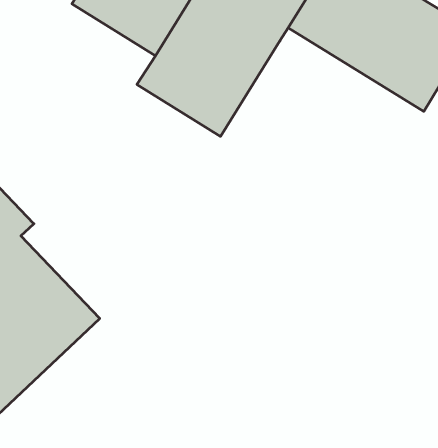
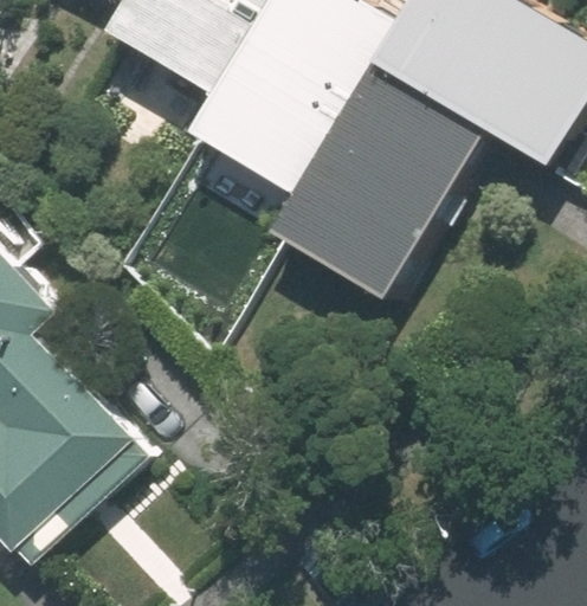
building: none -> [273,76,482,301]

